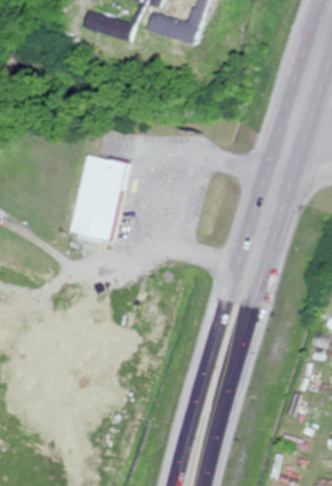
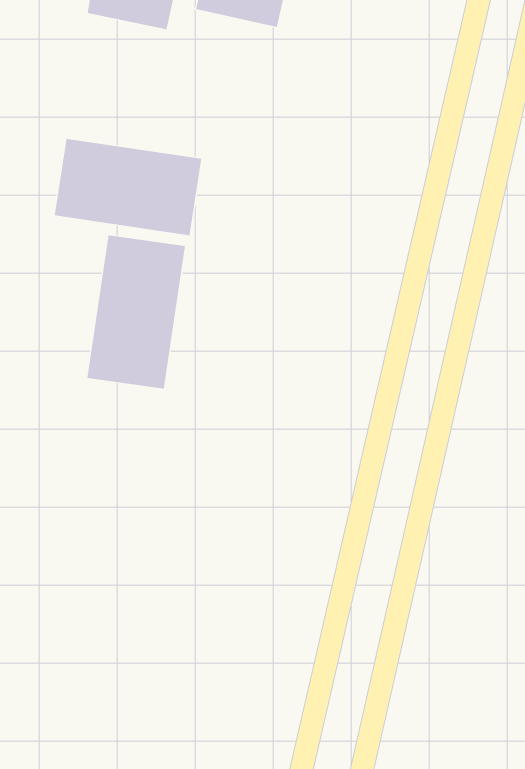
building: none -> [54,138,202,236]

